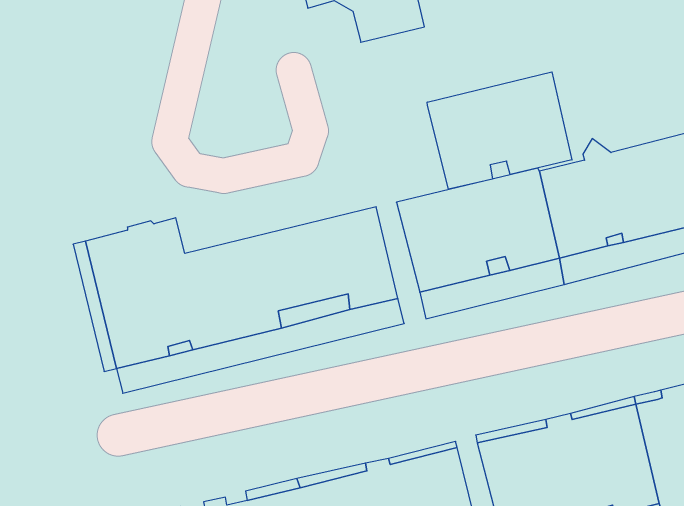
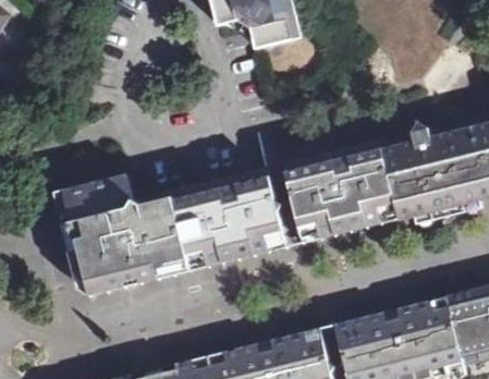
building: [427,72,572,189] -> none

